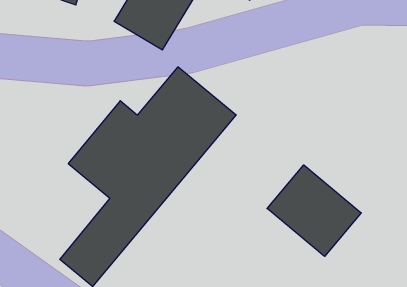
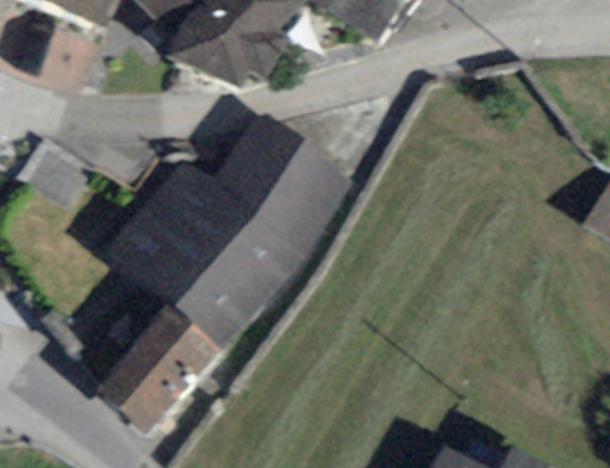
building: [267,165,361,256] -> none

